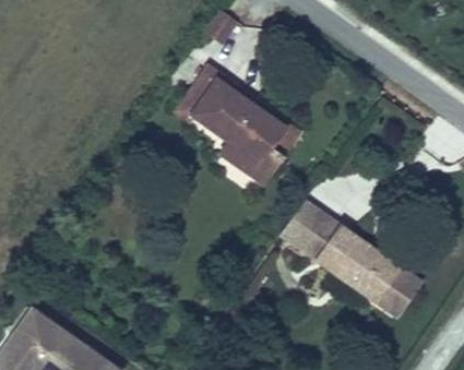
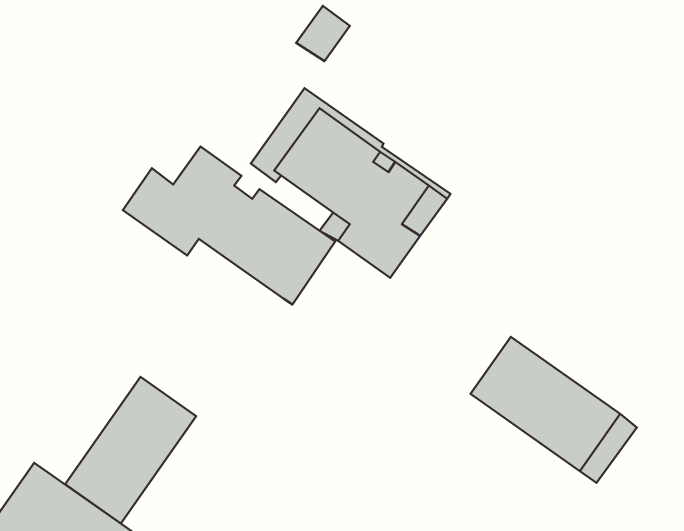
building: none -> [123,147,335,305]
building: [276,198,341,263] -> none
building: none -> [65,377,196,523]

